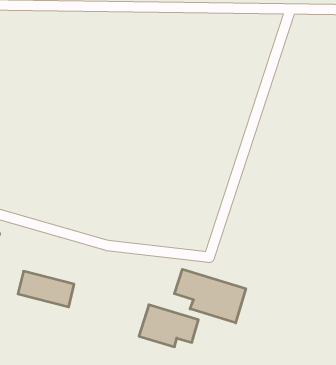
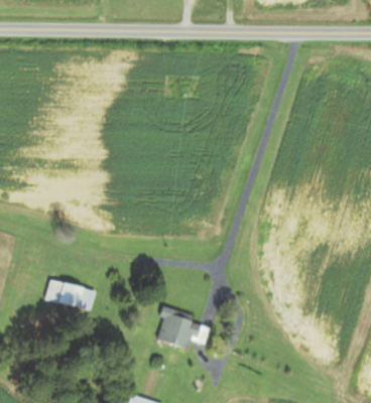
building: [174,269,246,323] -> none

